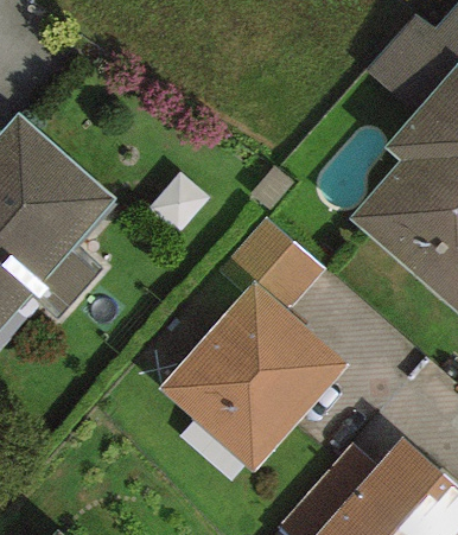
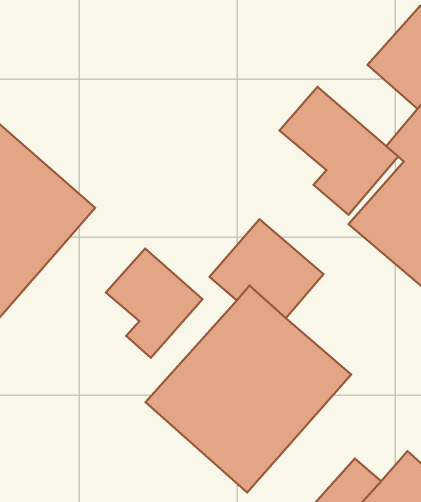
building: none -> [279,87,398,215]
building: none -> [106,249,202,358]

